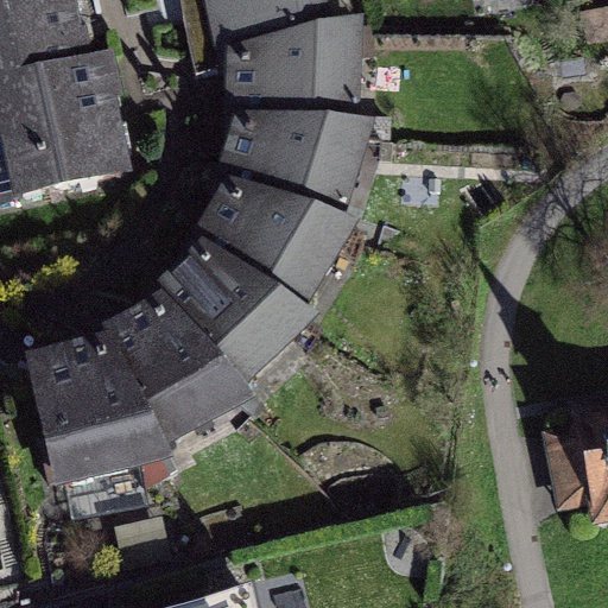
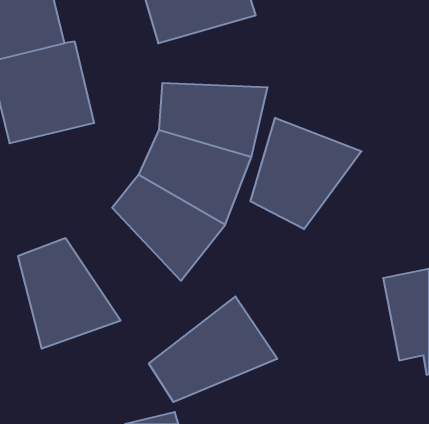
building: [221,21,374,122] -> none
building: none -> [250,118,362,229]
building: [91,291,253,449] -> none
building: none -> [149,296,277,402]

